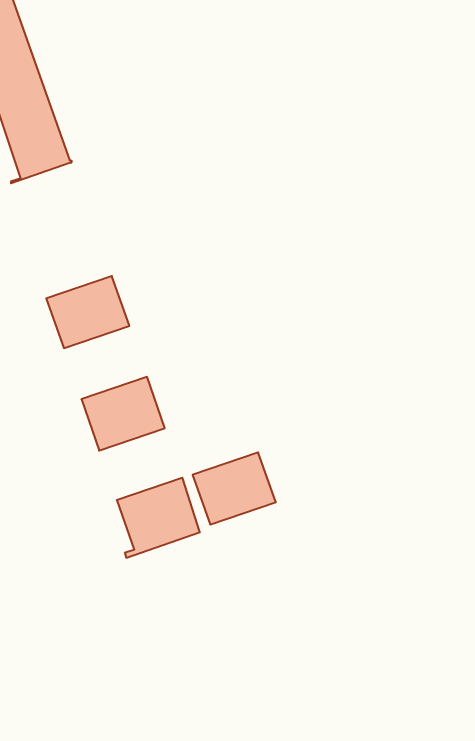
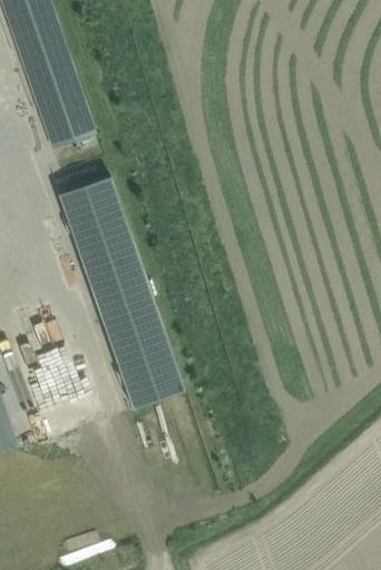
building: none -> [52,173,117,226]
building: none -> [84,245,141,296]
building: [193,452,276,524] -> [108,316,166,366]

